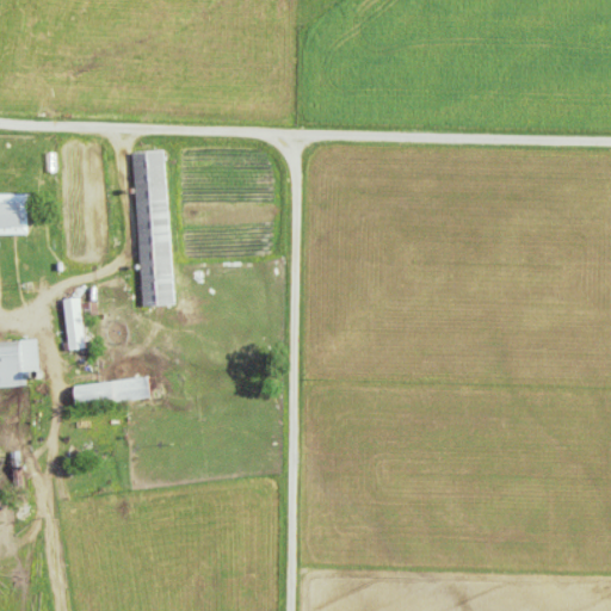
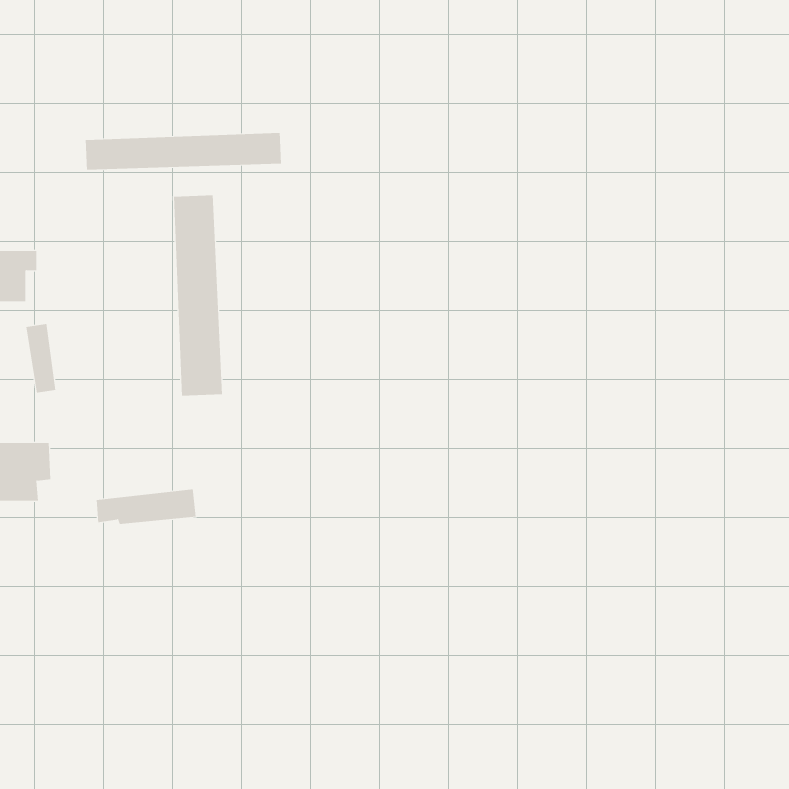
building: none -> [85,132,282,171]
building: [62,297,86,351] -> [25,324,56,393]

